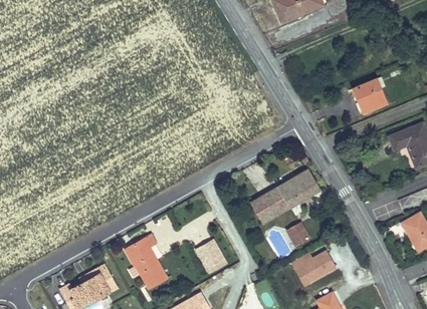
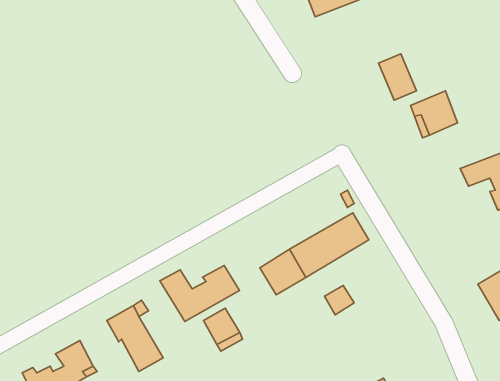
building: none -> [379,54,417,100]
building: none -> [160,265,240,321]
building: [290,247,337,285] -> none

